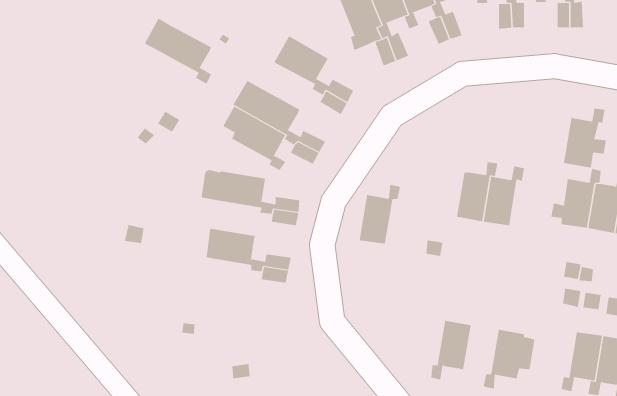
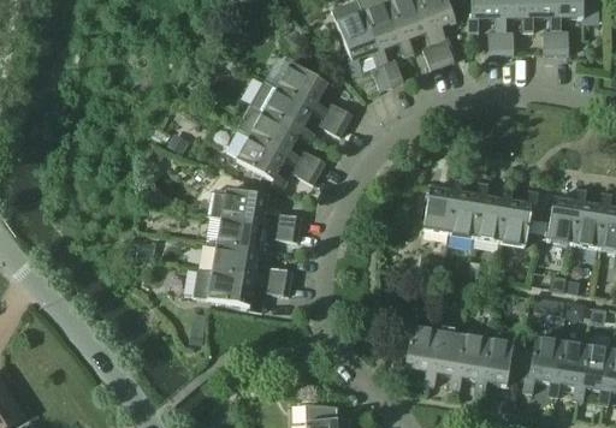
building: [144,18,212,84] -> [250,79,314,142]
building: [563,108,607,168] -> [498,189,539,245]
building: [359,184,401,244] -> [422,176,462,232]
building: none -> [215,216,272,257]
building: none -> [192,268,263,311]
building: none -> [398,326,437,381]
building: none -> [448,334,487,390]
building: none -> [517,335,561,392]

